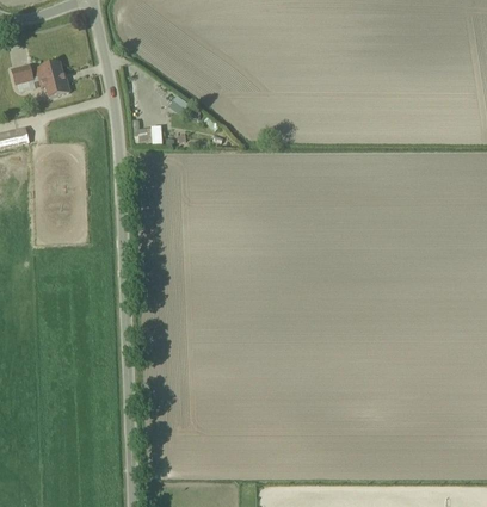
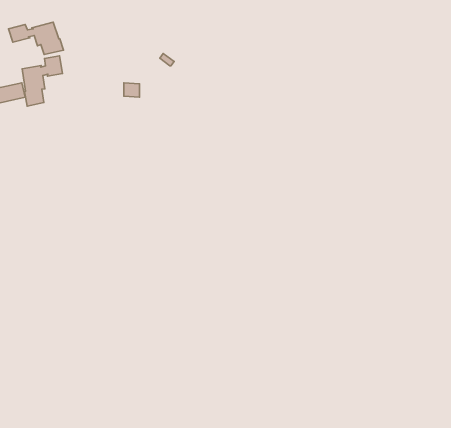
building: none -> [22,56,62,106]

